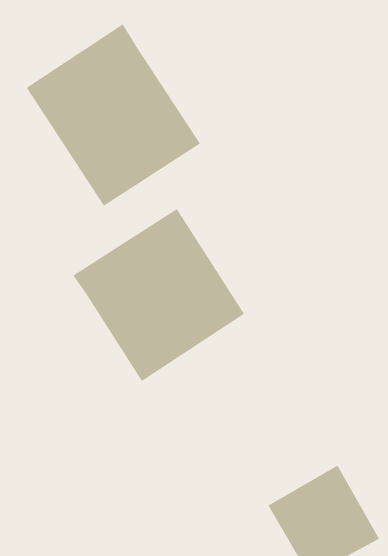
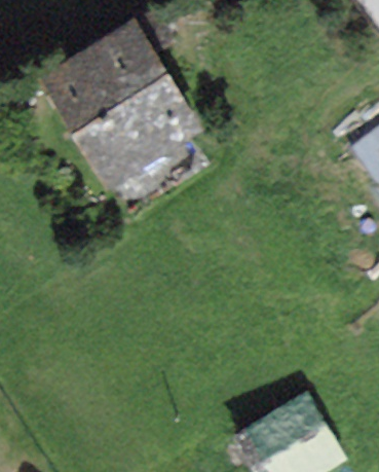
building: [73,208,245,382] -> none

